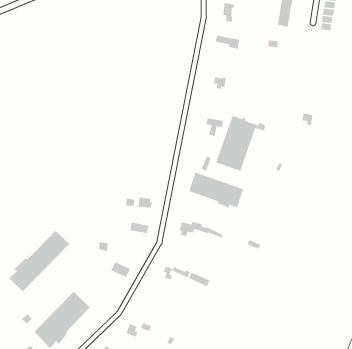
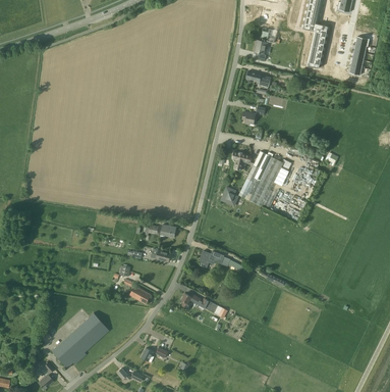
building: [188,172,244,209] -> none
building: [8,230,70,292] -> none

